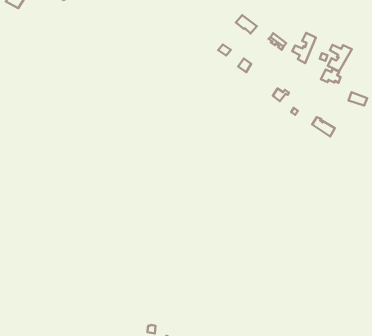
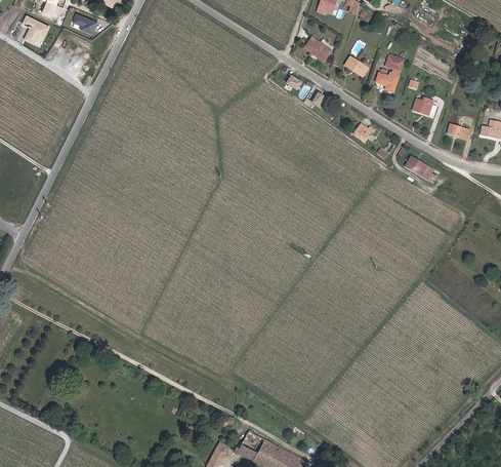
building: [328,45,352,71] -> none

